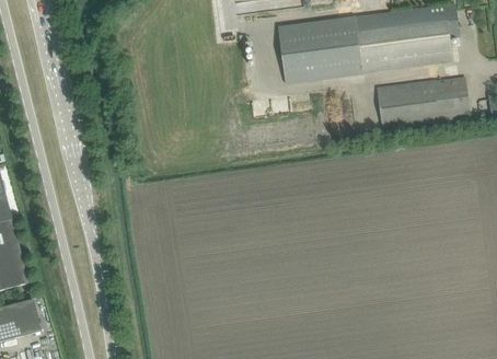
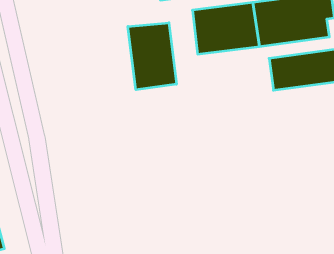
building: none -> [128,23,176,90]

